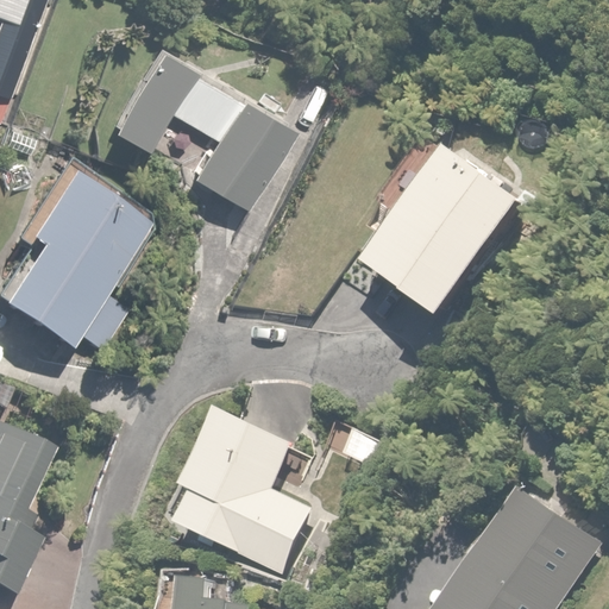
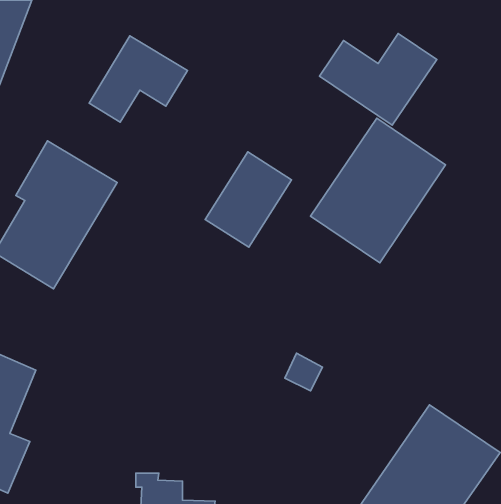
building: none -> [320,34,437,125]
building: [187,92,290,206] -> [205,152,292,247]
building: [182,409,320,578] -> none

